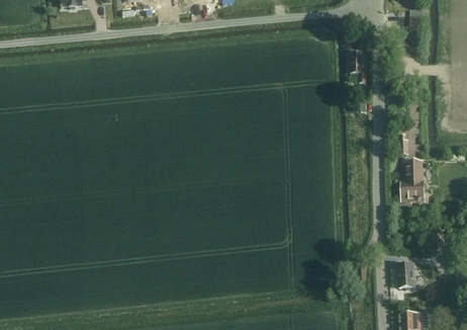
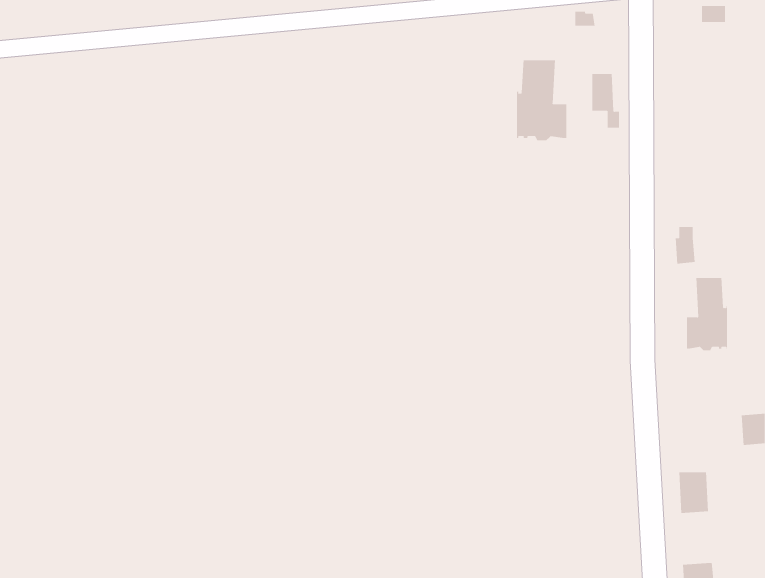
building: none -> [516,60,567,141]

